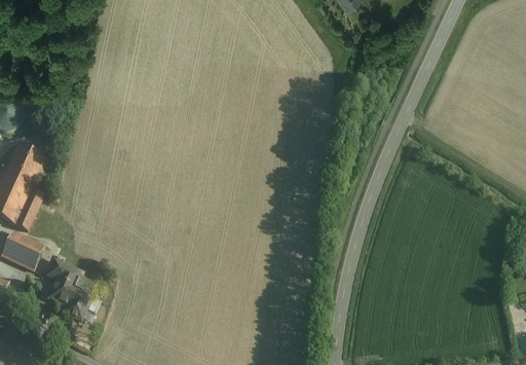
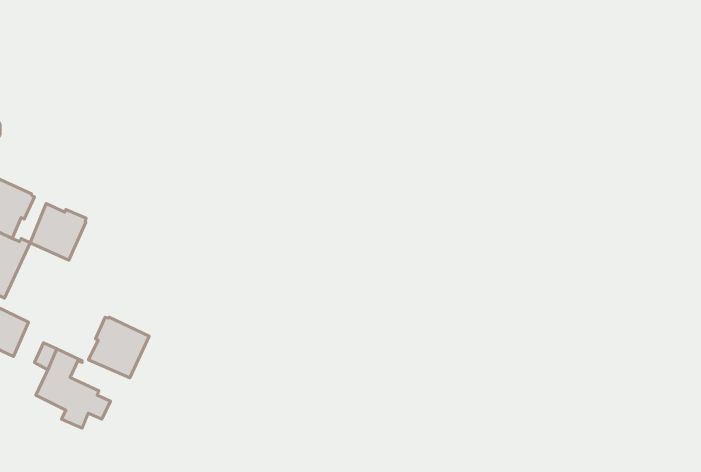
building: none -> [30,204,86,260]
building: none -> [89,317,149,378]

